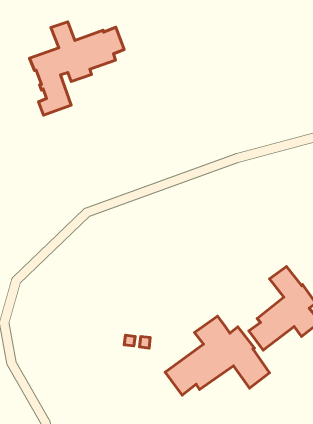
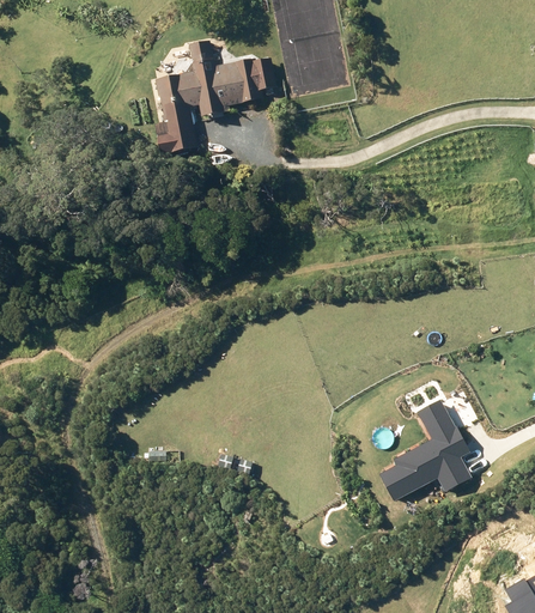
building: [165,316,270,395] -> none

